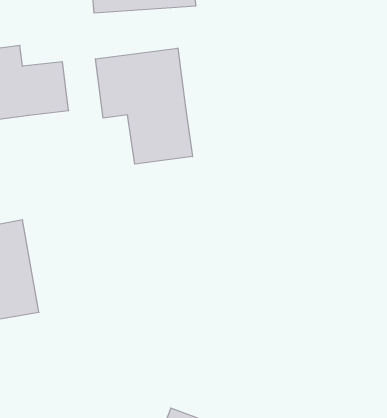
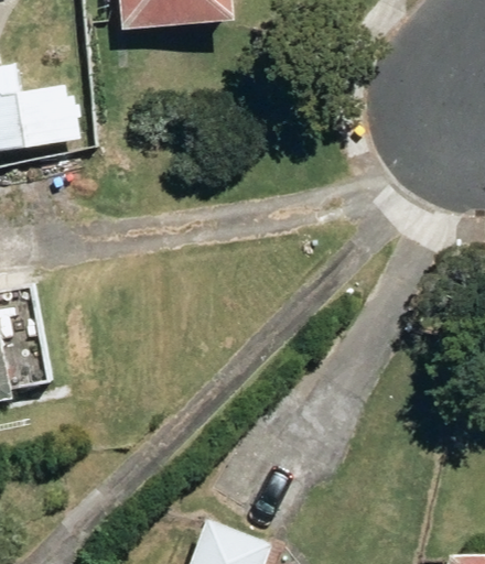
building: [96,48,192,164] -> none

